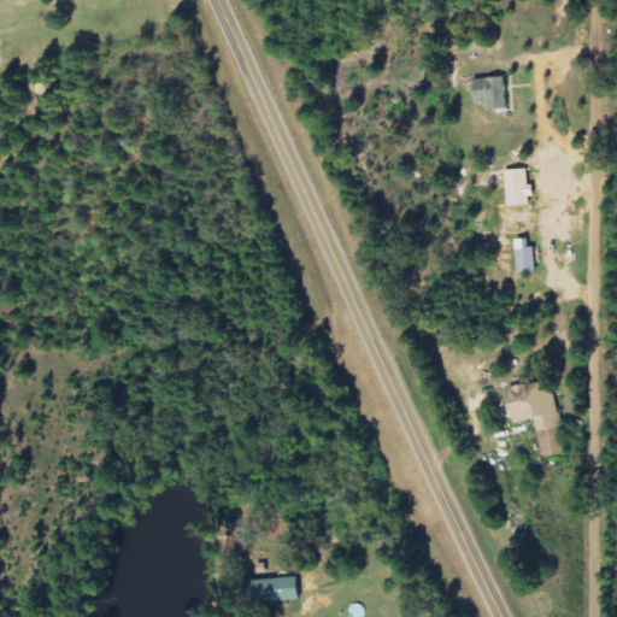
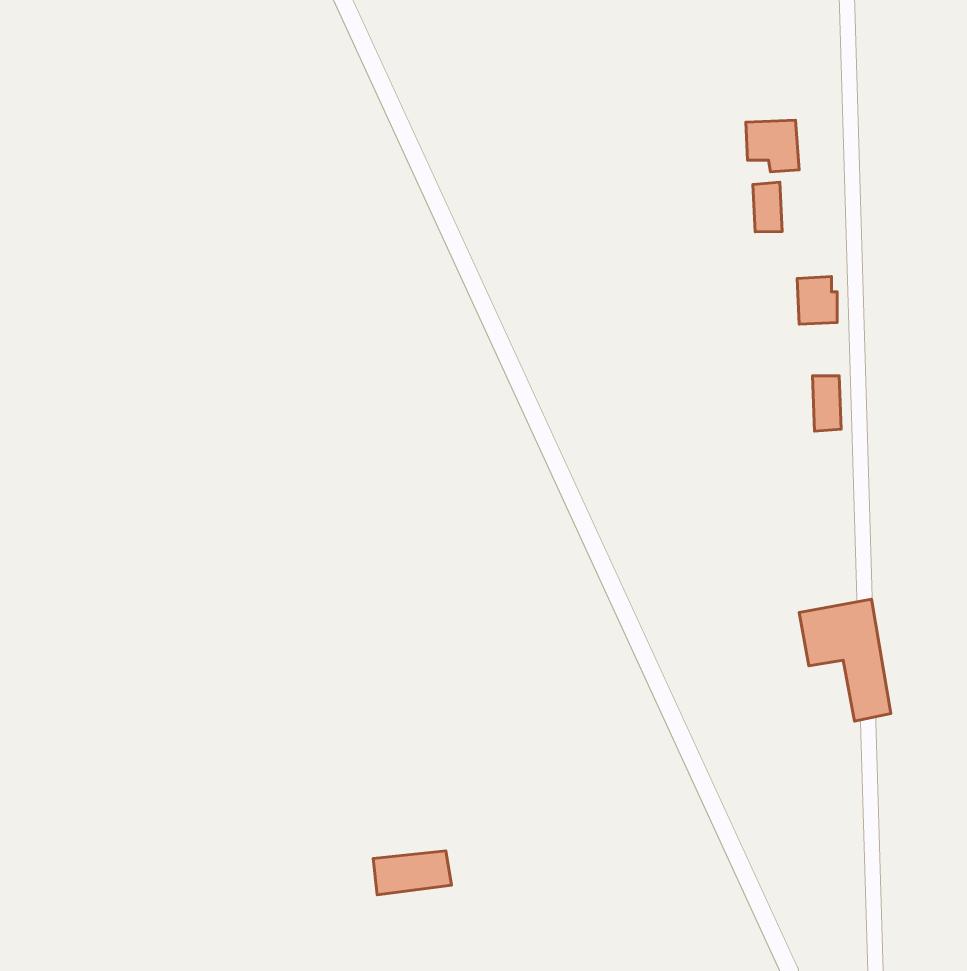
building: none -> [753,182,782,232]
building: [248,575,298,603] -> [373,851,451,895]

